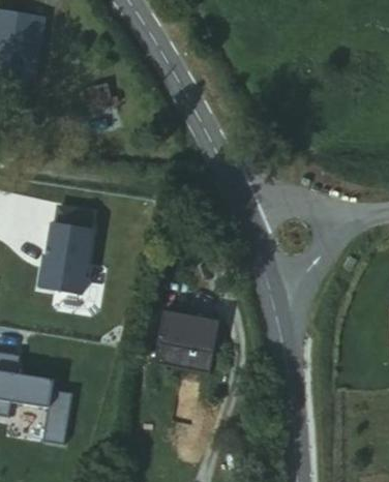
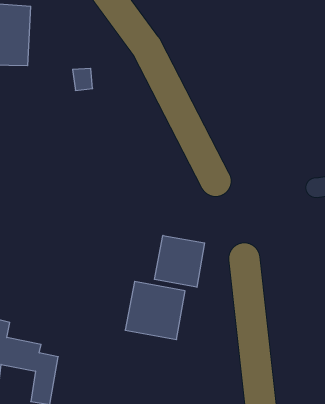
building: [38,208,91,295] -> none
building: none -> [154,235,205,287]

